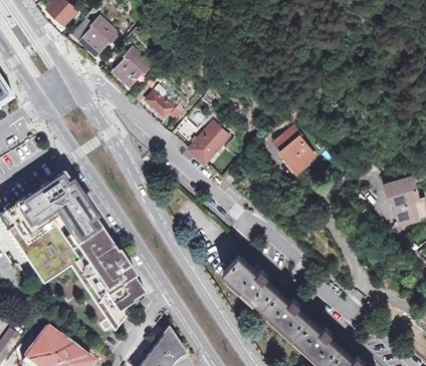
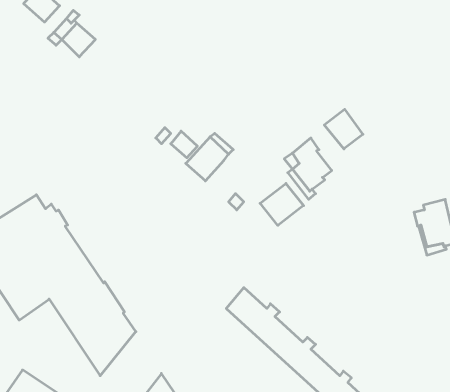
building: [111,56,144,89] -> none
building: [146,83,175,116] -> none
building: none -> [324,109,363,149]
building: none -> [260,183,304,225]

